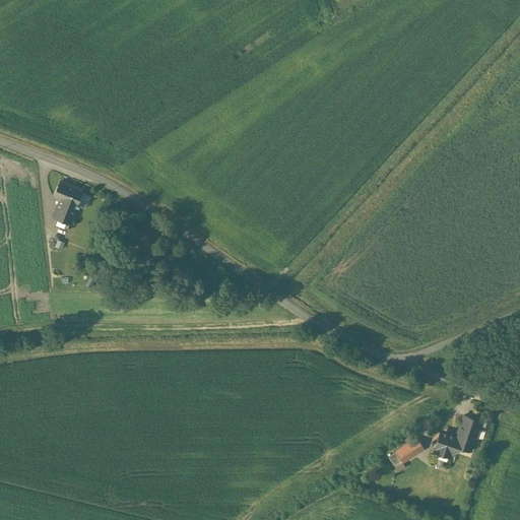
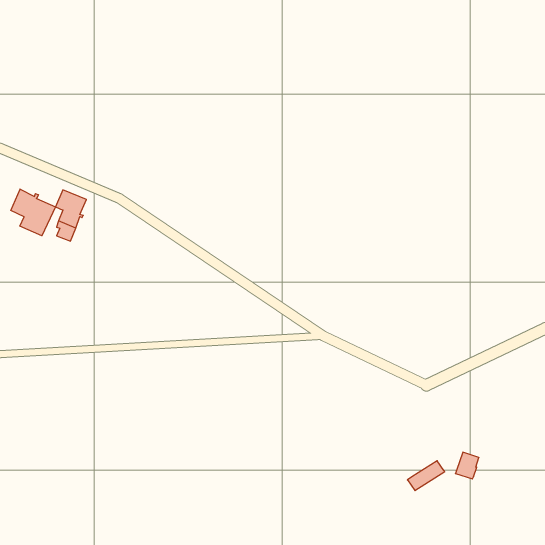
building: none -> [11,189,55,236]
building: [453,414,480,451] -> none

